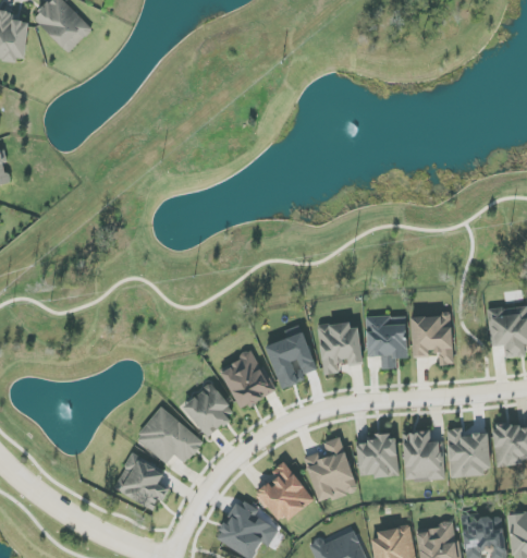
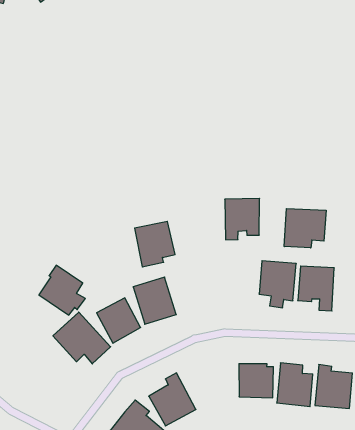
building: none -> [284,209,326,248]
building: [317,322,363,375] -> [225,198,260,240]
building: [266,332,317,389] -> [135,221,175,267]
building: [304,437,355,502] -> none
building: [115,453,170,509] -> [39,265,85,315]

